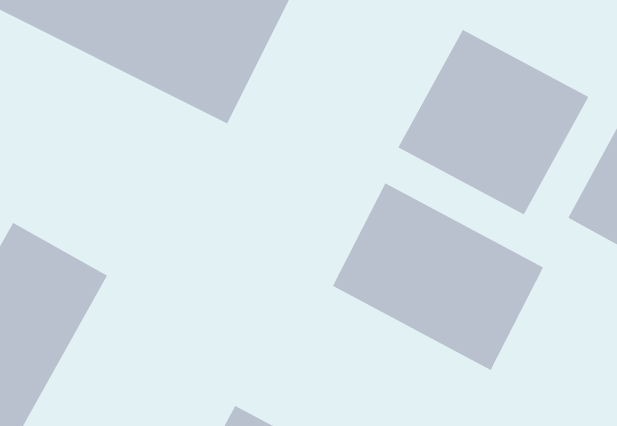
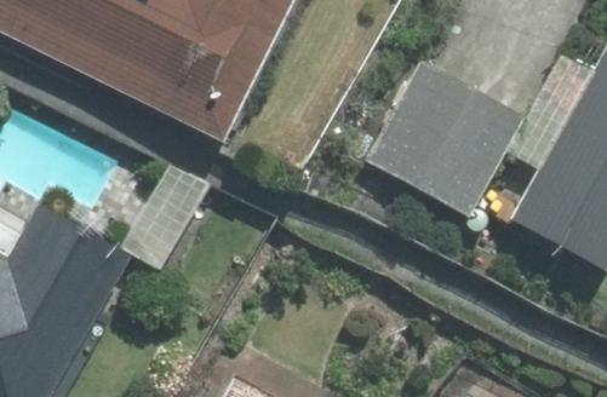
building: [332,183,544,371] -> none

